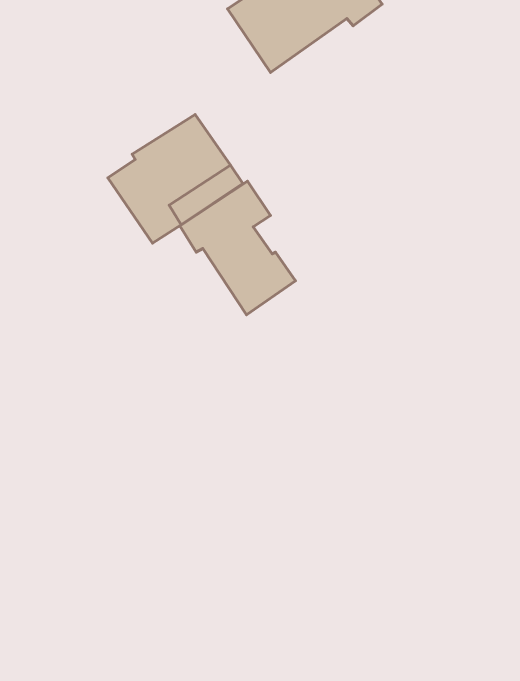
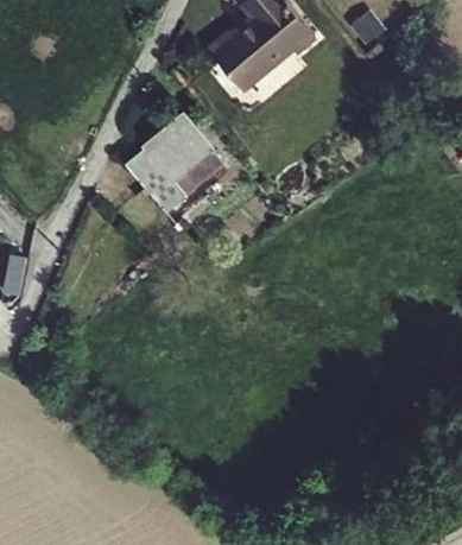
building: [180,181,296,315] -> none

